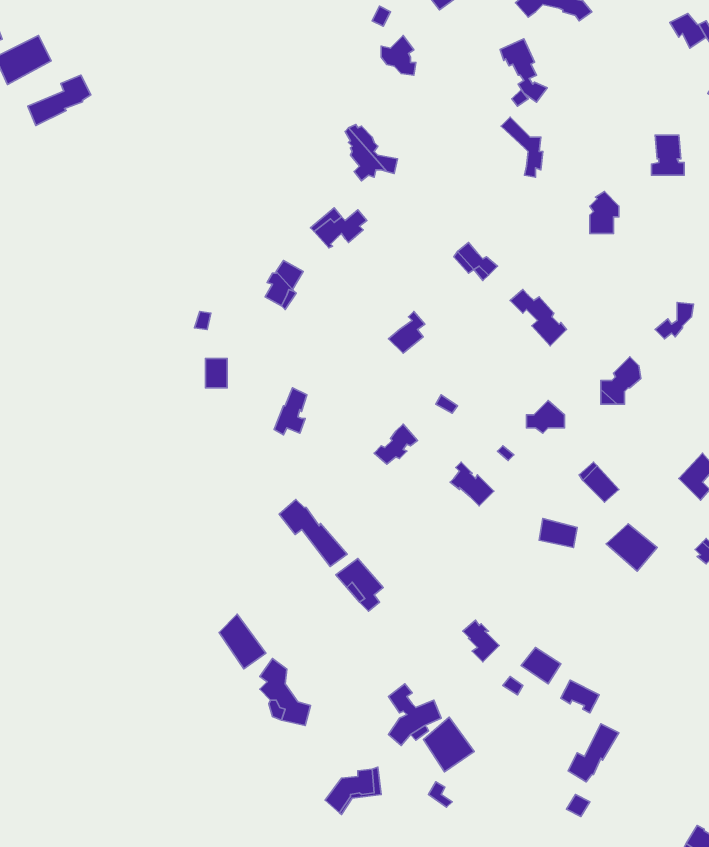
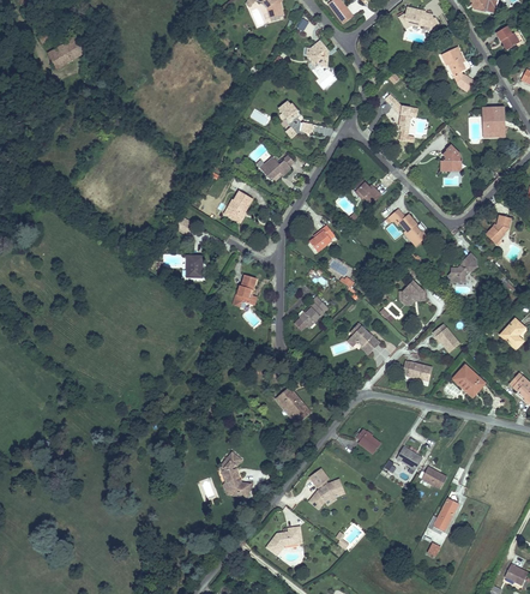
building: [500,39,547,102] -> [440,46,471,88]
building: [28,75,91,126] -> none
building: [279,500,347,566] -> none
building: [219,614,266,669] -> none
building: [423,717,474,772] -> none

